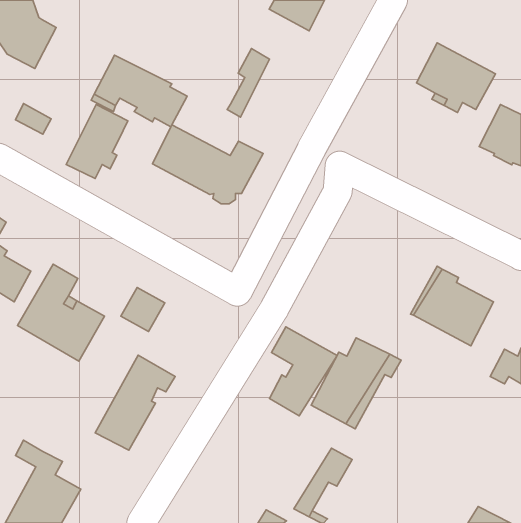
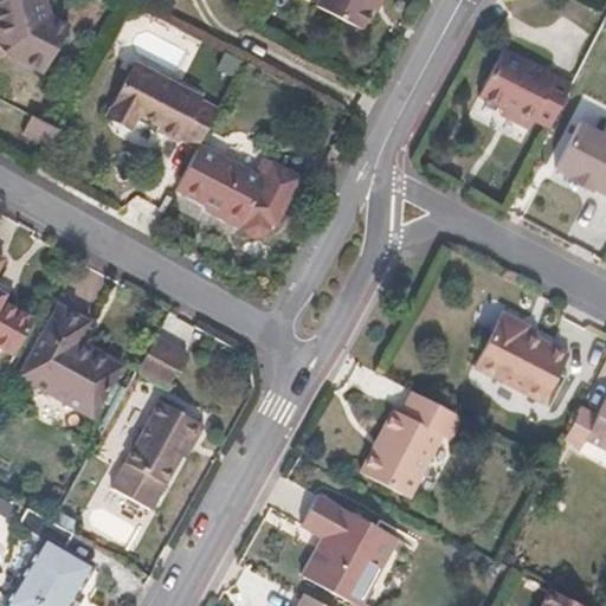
building: [227,49,270,117] -> none
building: [66,105,128,178] -> none
building: [269,327,337,416] -> [305,485,383,588]

